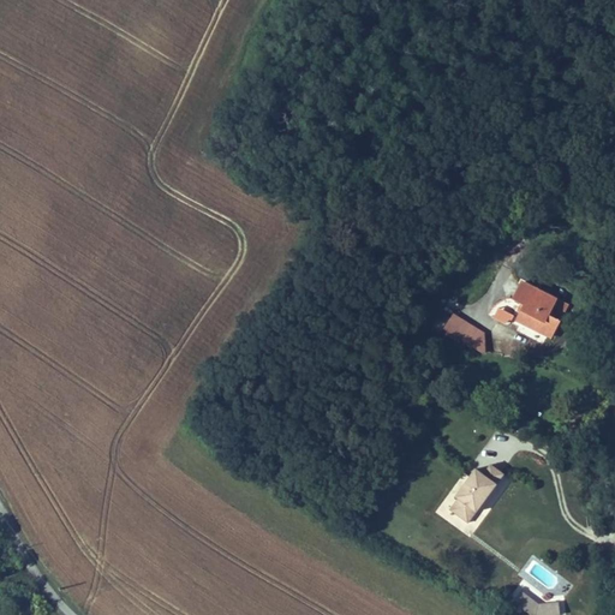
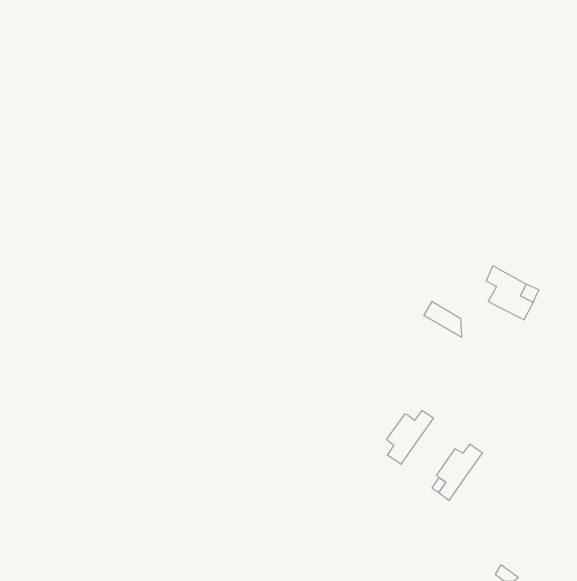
building: none -> [387,411,434,464]

